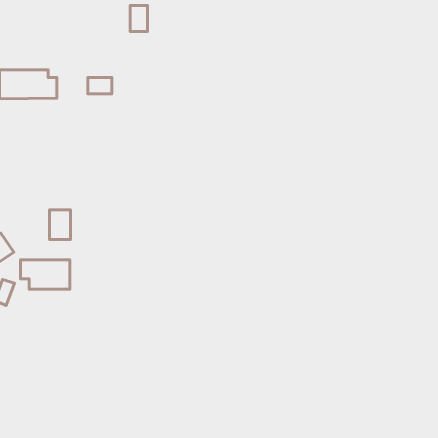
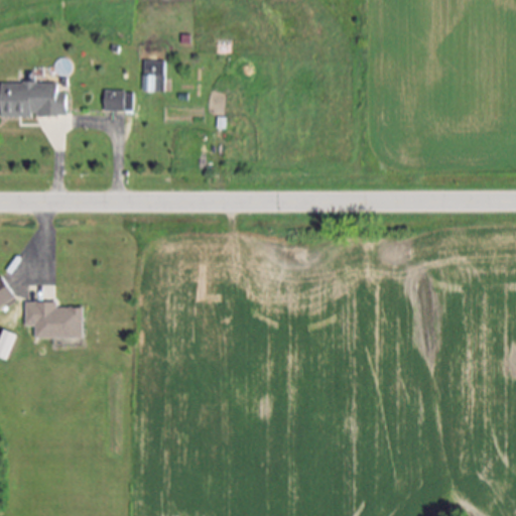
building: [130,6,147,31] -> [142,60,162,91]
building: [49,210,70,240] -> none

